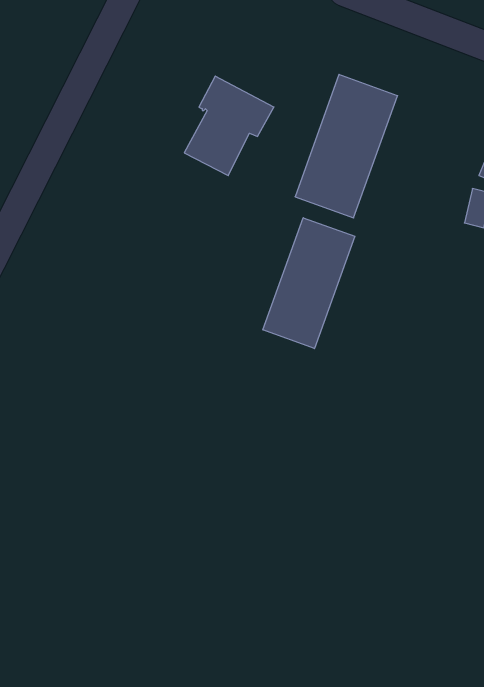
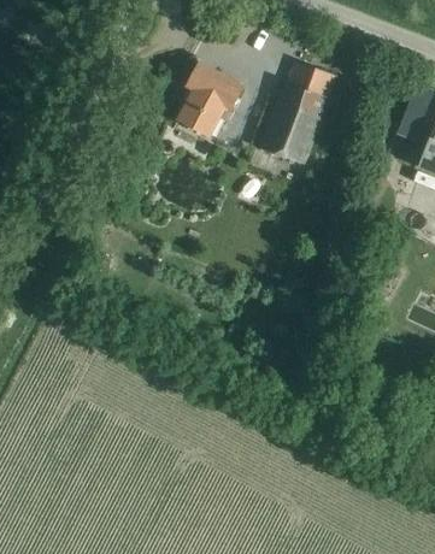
building: [263,218,355,349] -> none

